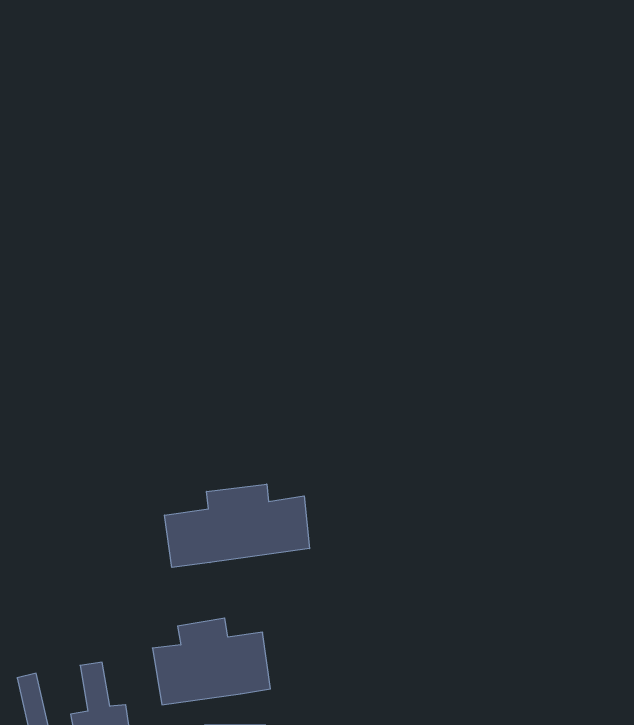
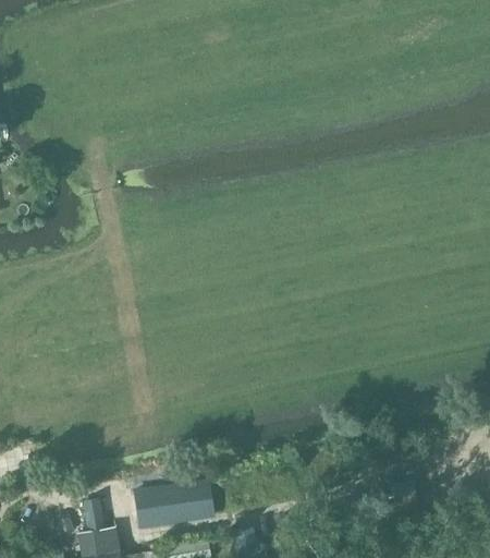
building: [165,484,310,567] -> none

